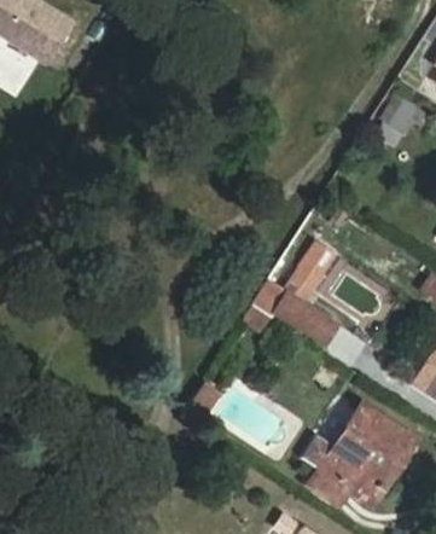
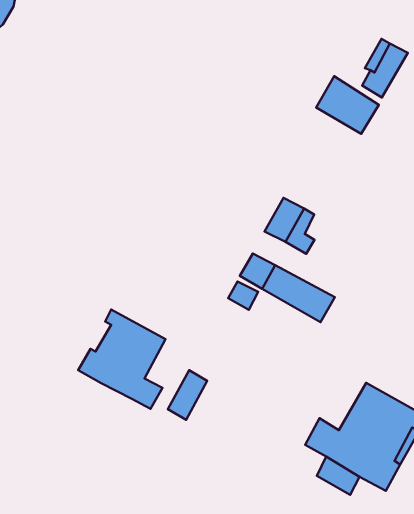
building: none -> [316,76,379,134]
building: none -> [78,310,165,409]

